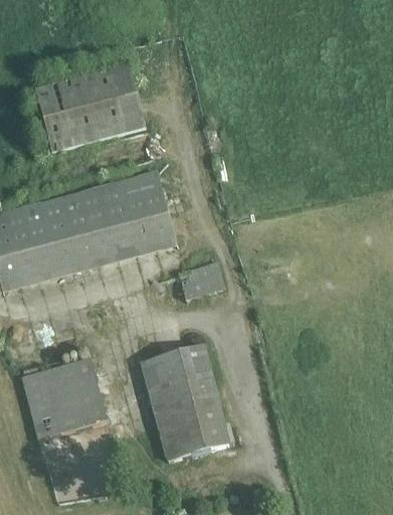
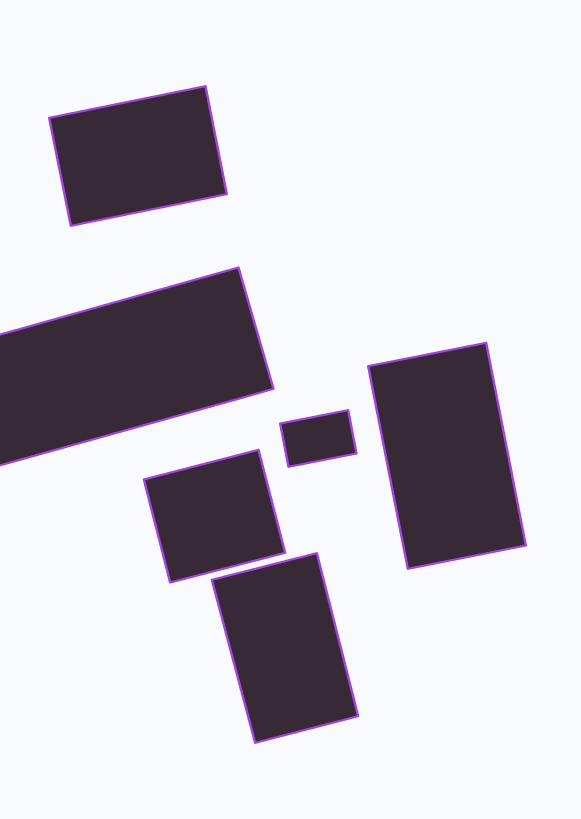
building: none -> [368,343,526,569]
building: [21,358,107,439] -> [144,450,285,583]

